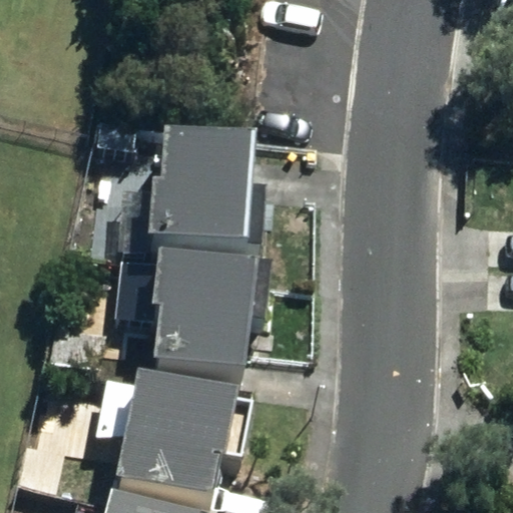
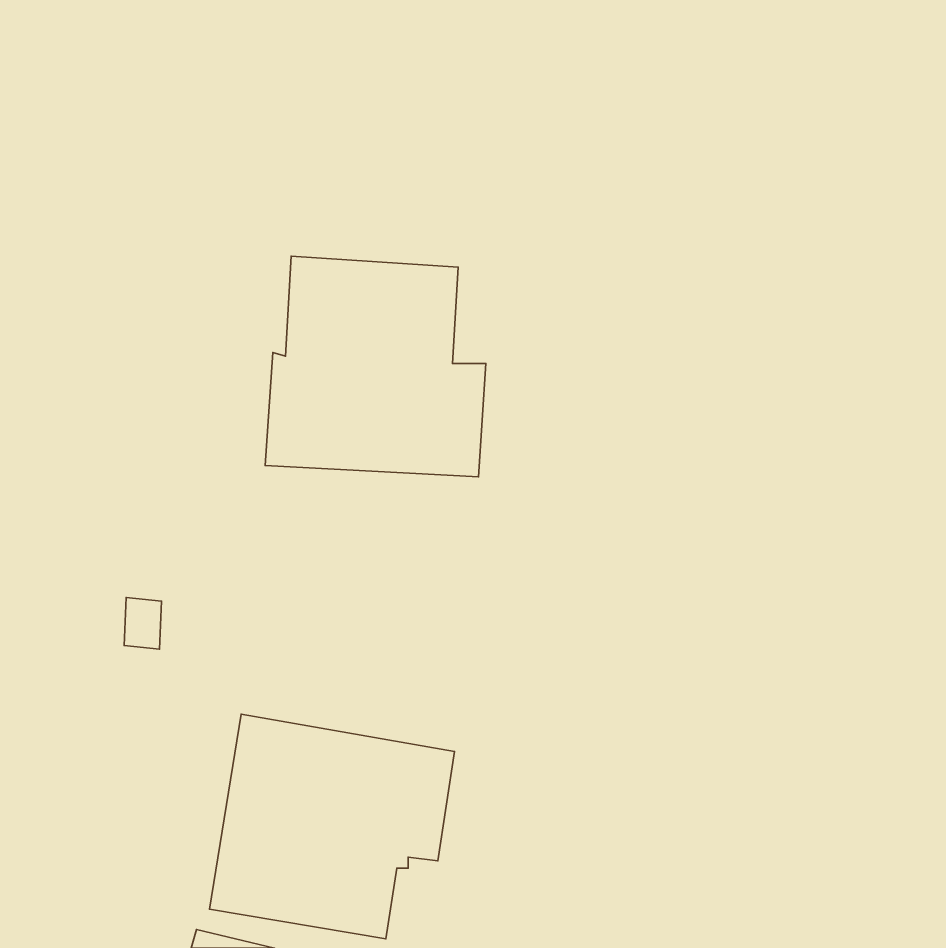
building: [147,265,267,382] -> none

